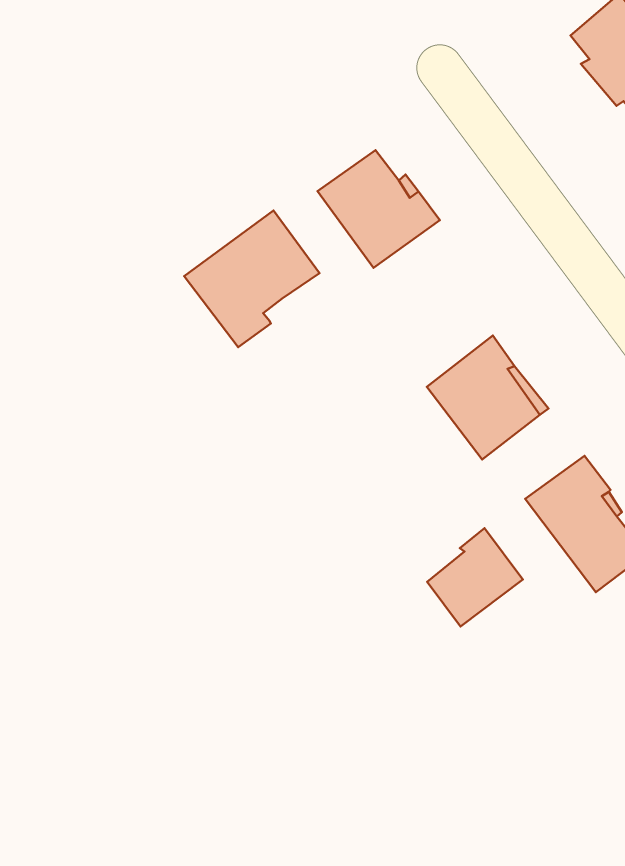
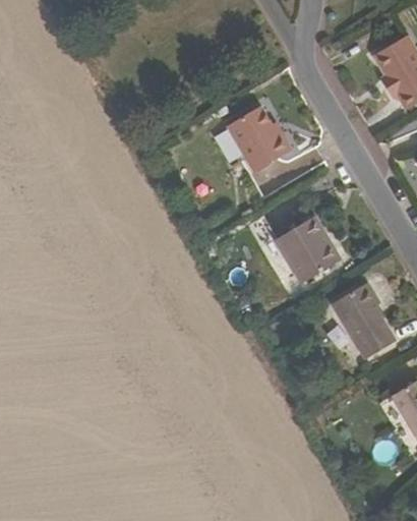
building: [184,211,319,347] -> none
building: [427,528,523,627] -> none

